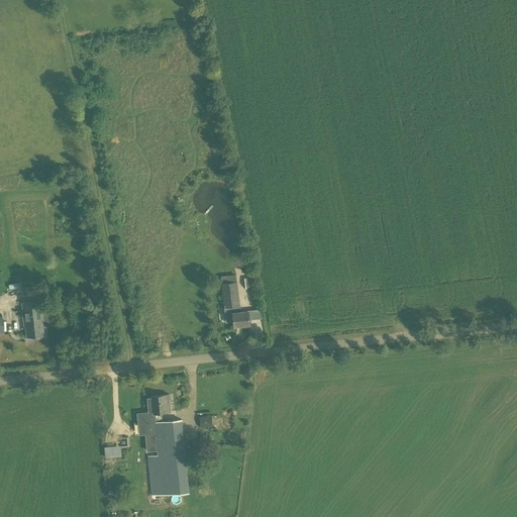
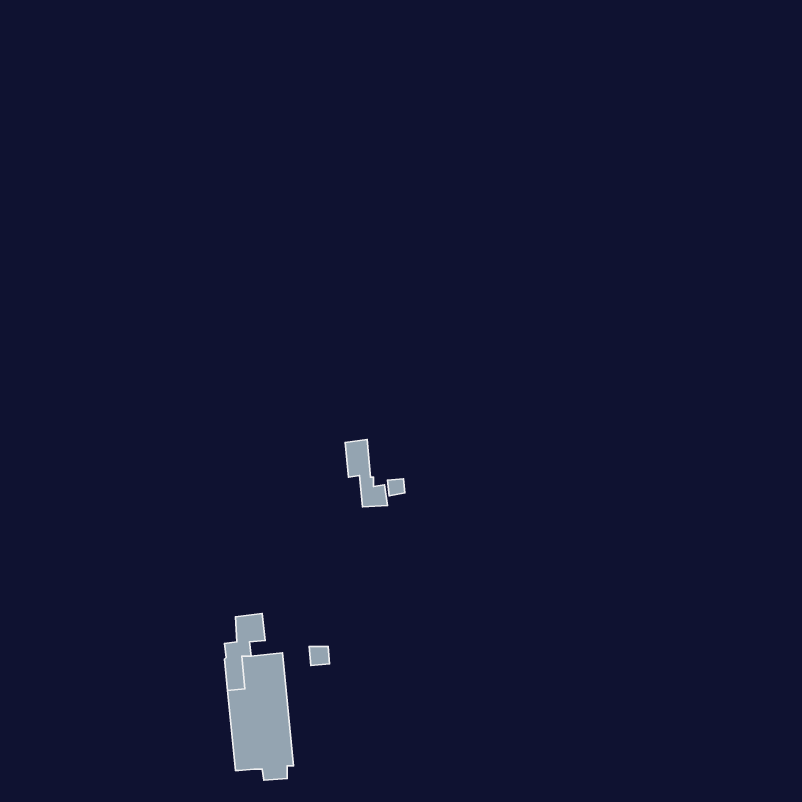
building: [22,302,43,337] -> none

